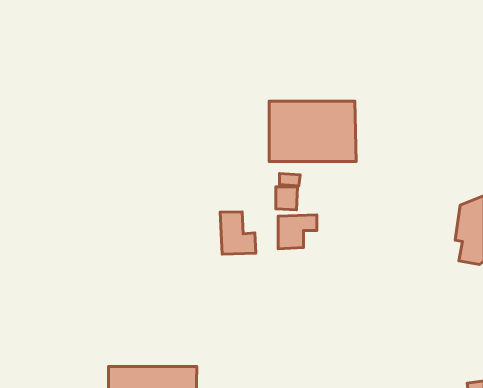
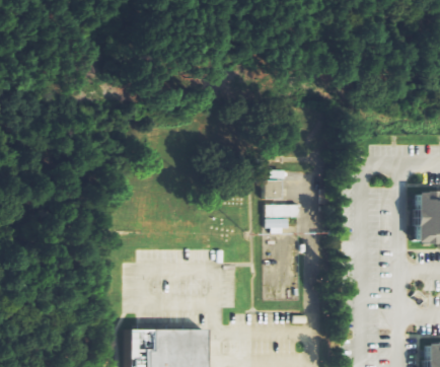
building: [269,101,356,161] -> none
building: [220,212,256,254] -> none

